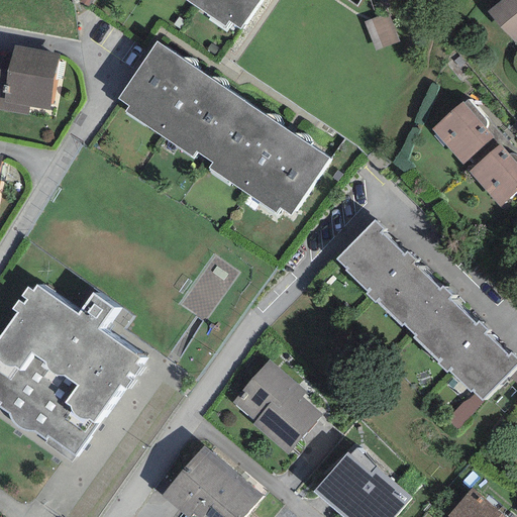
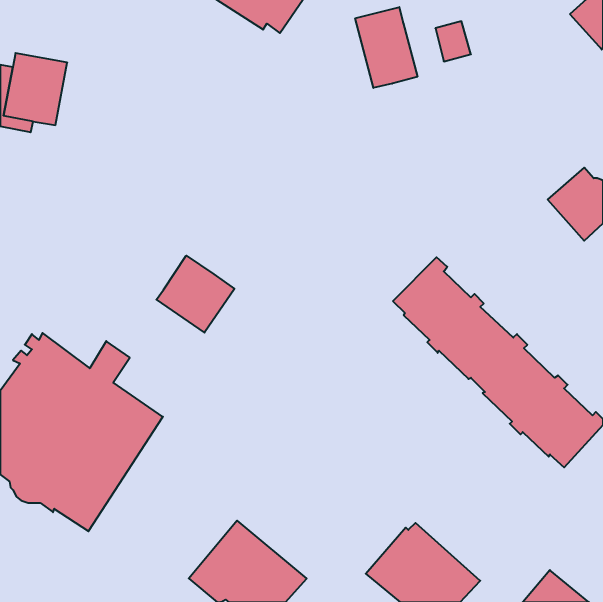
building: none -> [355,7,417,88]
building: [117,40,329,214] -> none
building: [431,99,493,164] -> none
building: none -> [156,256,234,333]
building: [231,358,322,453] -> none

